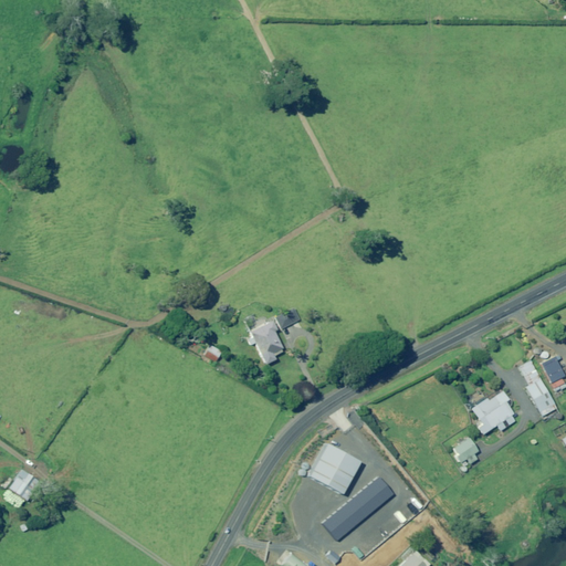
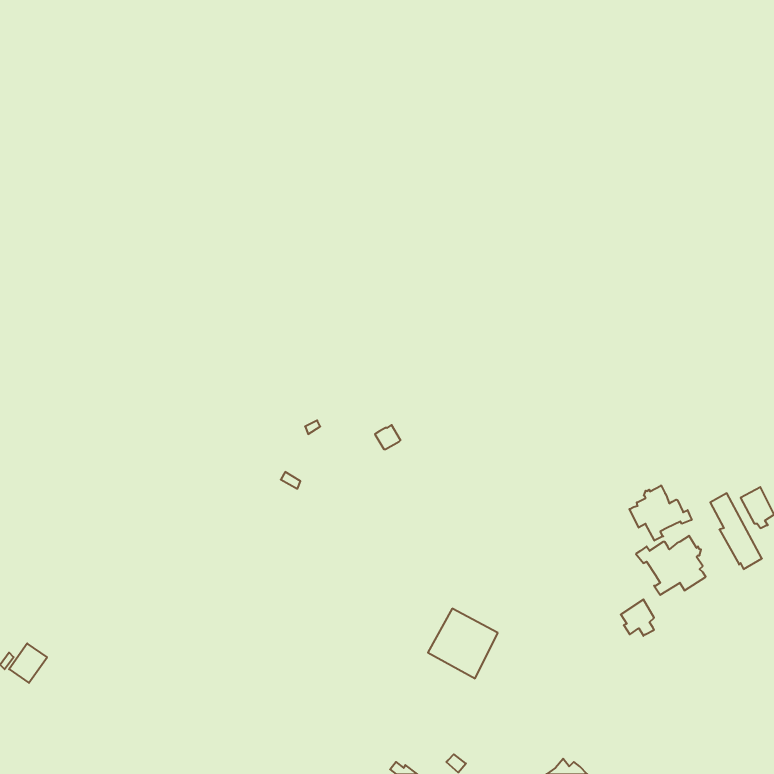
building: [248,319,282,364] -> none
building: none -> [629,485,692,541]
building: [323,475,396,544] -> none

